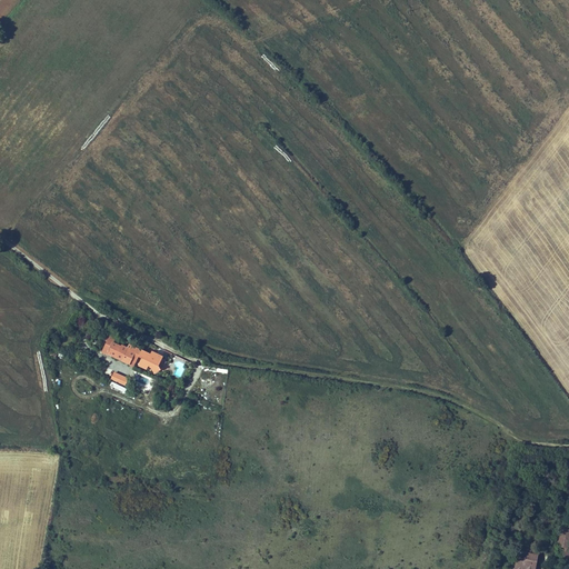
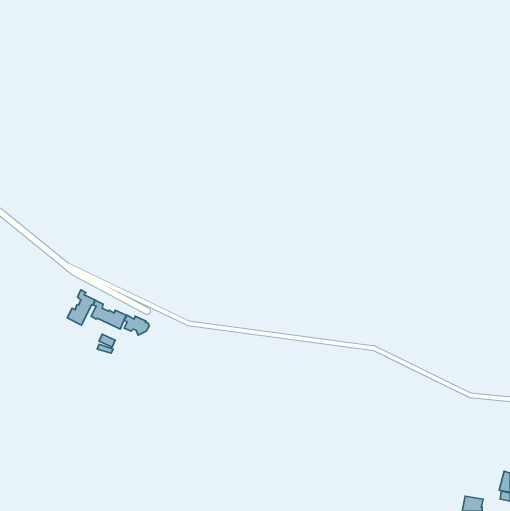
building: none -> [67,290,95,325]

